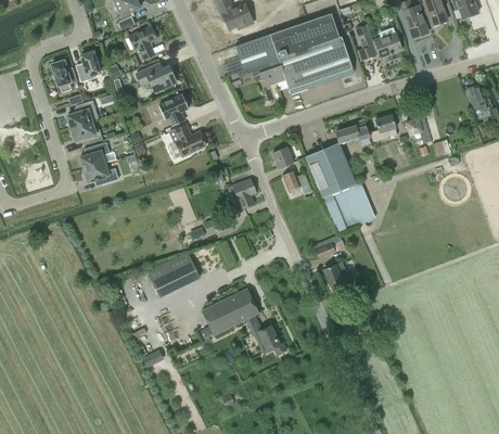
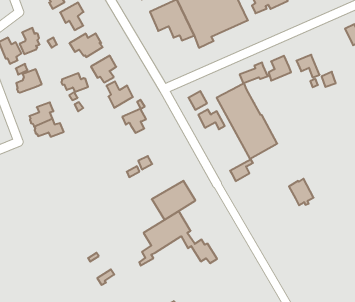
building: [69,122,101,143] -> [61,73,88,92]
building: [228,179,256,207] -> [122,109,146,133]
building: [146,252,199,296] -> [152,181,195,220]
building: [323,261,351,293] -> [289,179,314,205]

